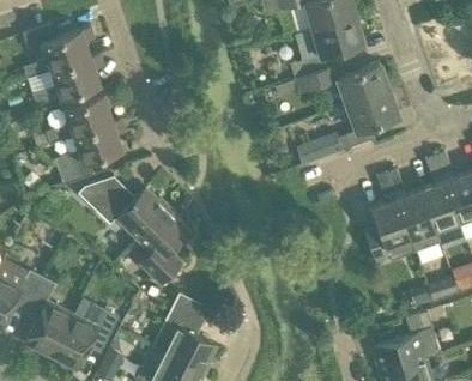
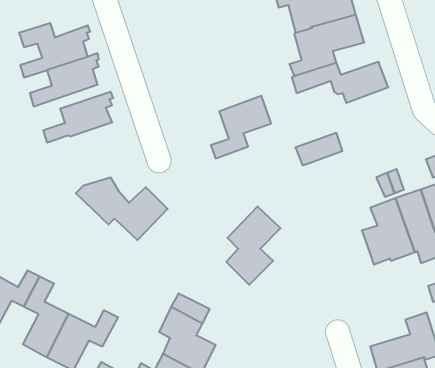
building: [339,89,399,151] -> [211,96,271,158]
building: [56,121,125,185] -> none
building: [139,210,193,288] -> [226,206,281,285]

